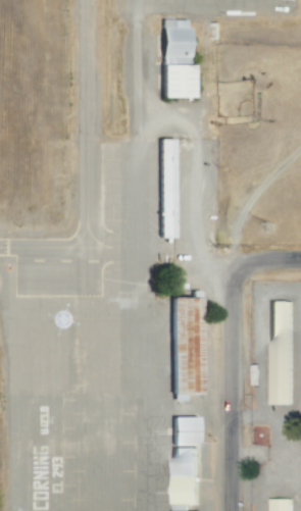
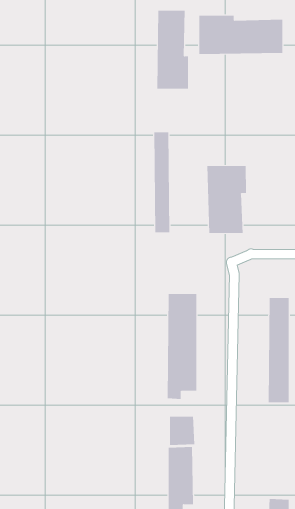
building: none -> [199,15,283,55]
building: none -> [207,165,246,234]

